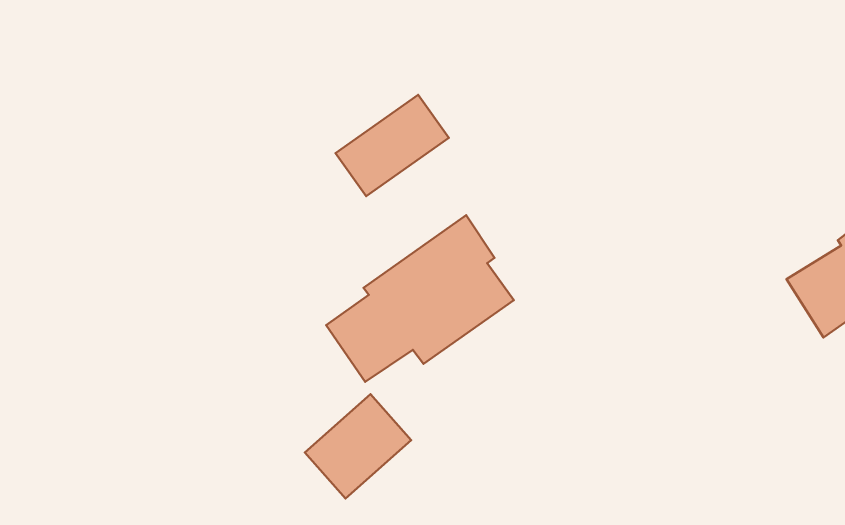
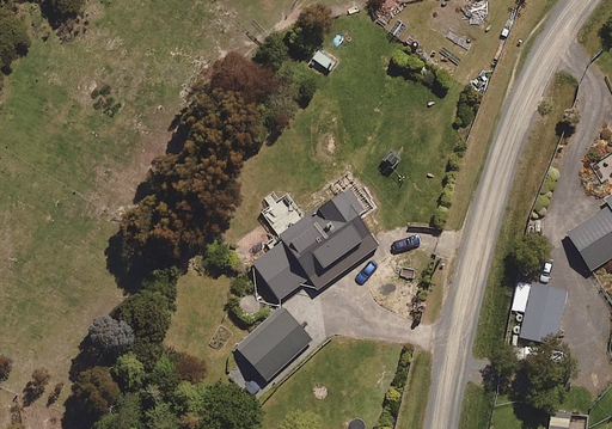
building: [336,95,449,196] -> none
building: none -> [509,281,565,345]

